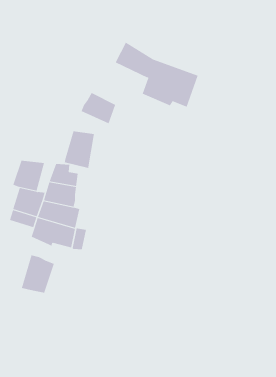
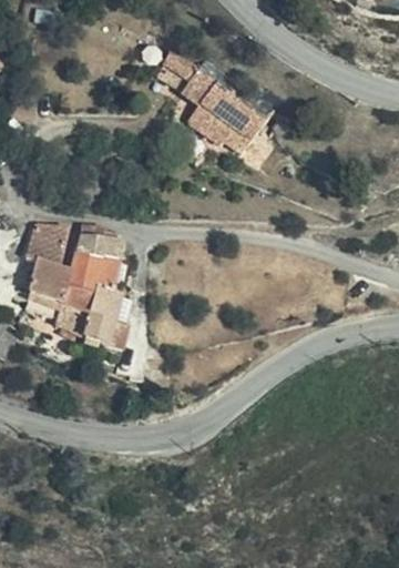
building: [81,92,116,124] -> none
building: [64,130,95,169] -> none
building: [21,255,55,293] -> none

